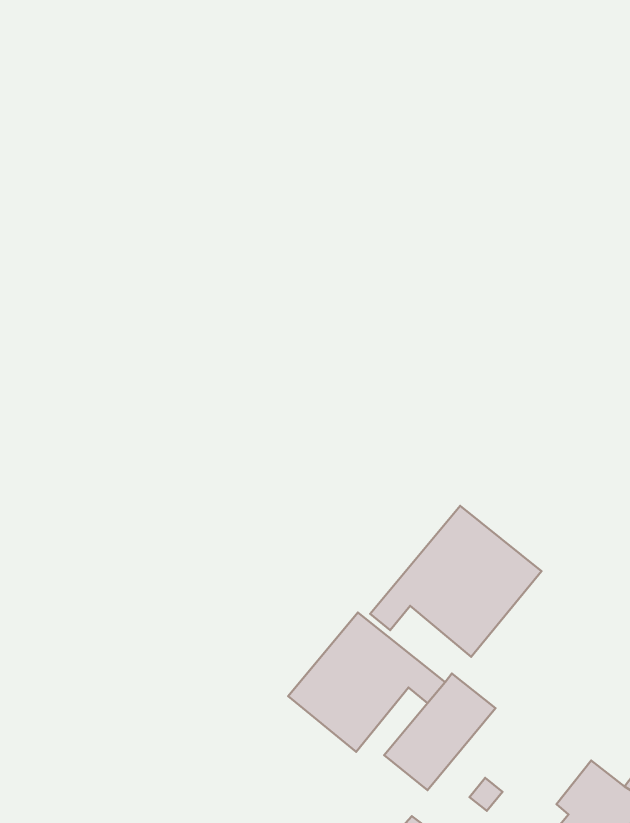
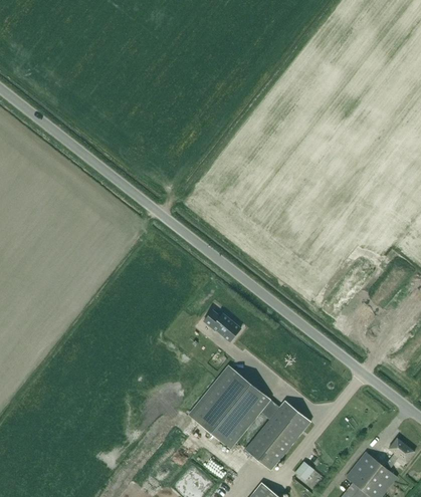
building: [370,506,541,657] -> none
building: none -> [203,310,240,341]

